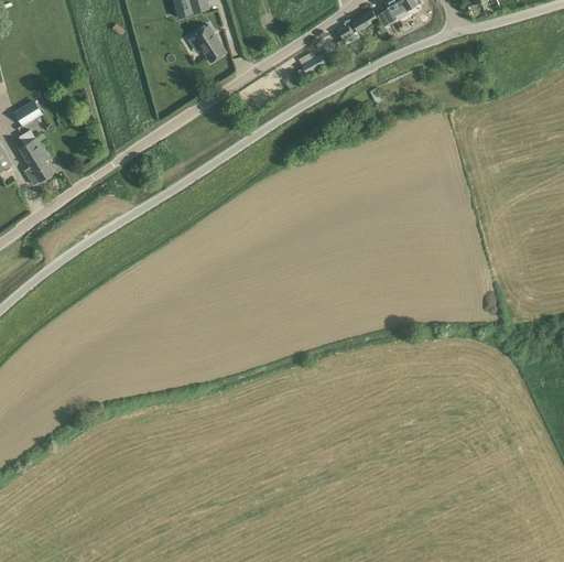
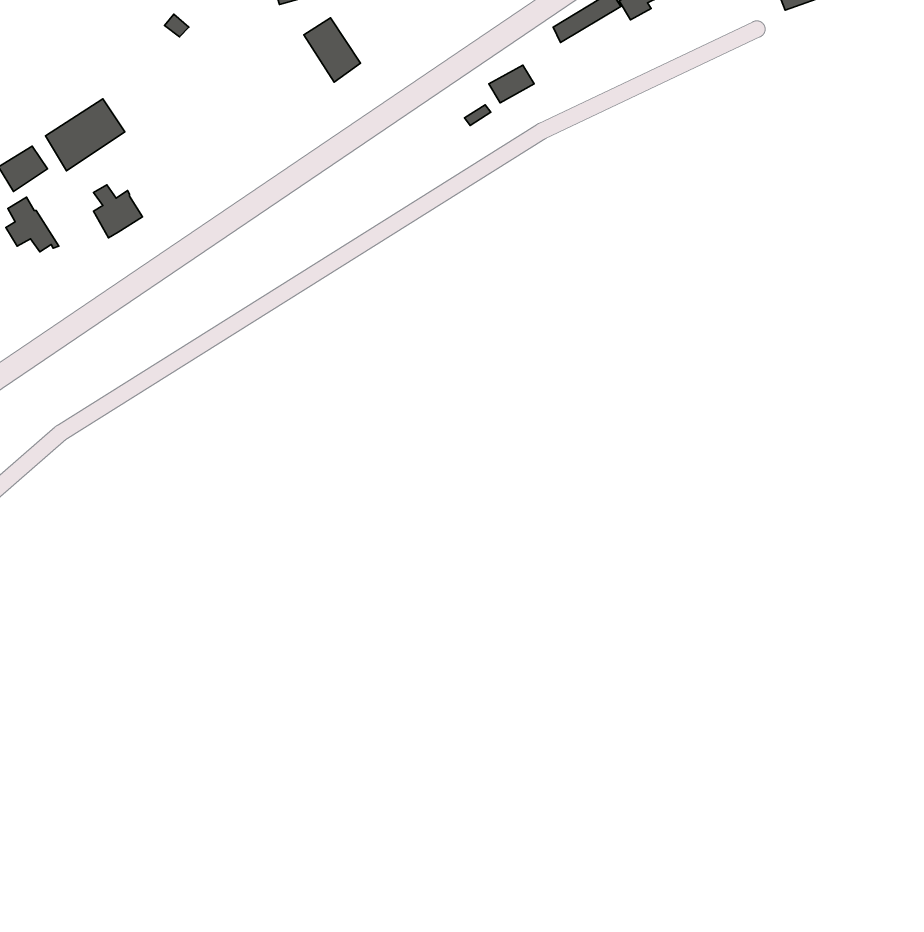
building: none -> [46,99,125,171]
building: [24,153,53,184] -> [94,185,143,238]

